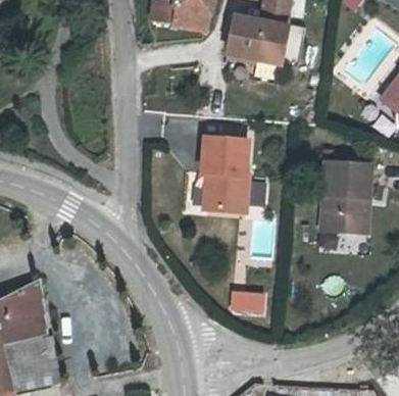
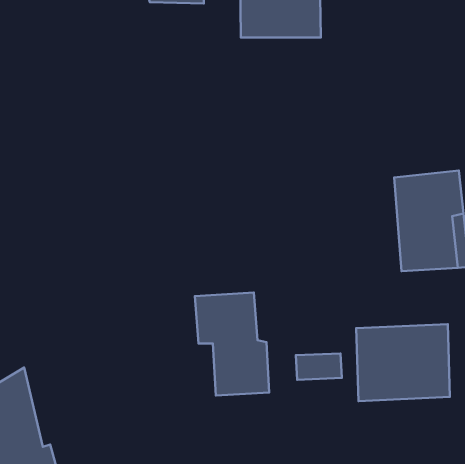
building: [203,146,251,219] -> [195,293,269,395]
building: none -> [356,324,450,401]

